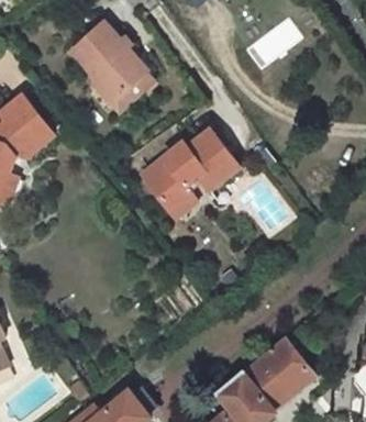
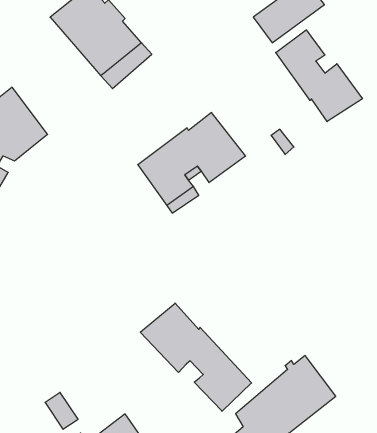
building: none -> [276,30,362,122]
building: none -> [140,303,252,411]

